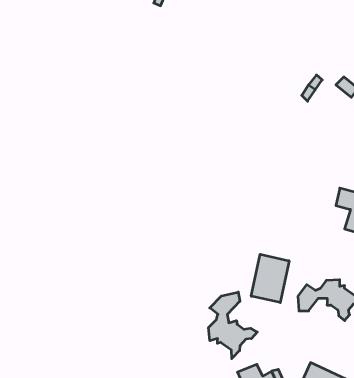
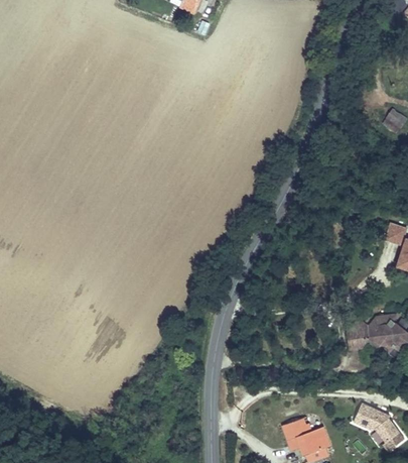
building: [251,254,289,303] -> none
building: [209,292,257,359] -> none

